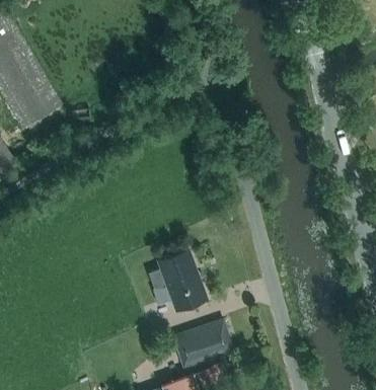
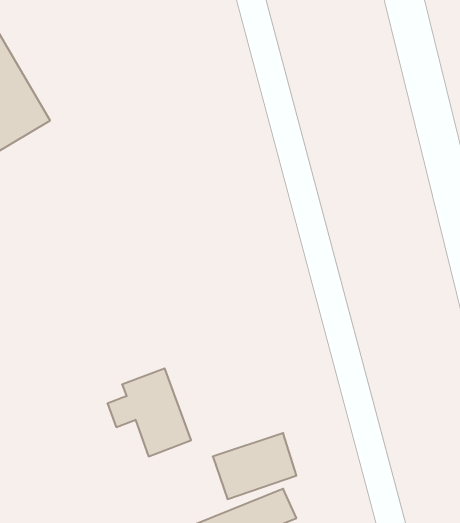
building: [148,250,206,311] -> [107,368,191,456]

